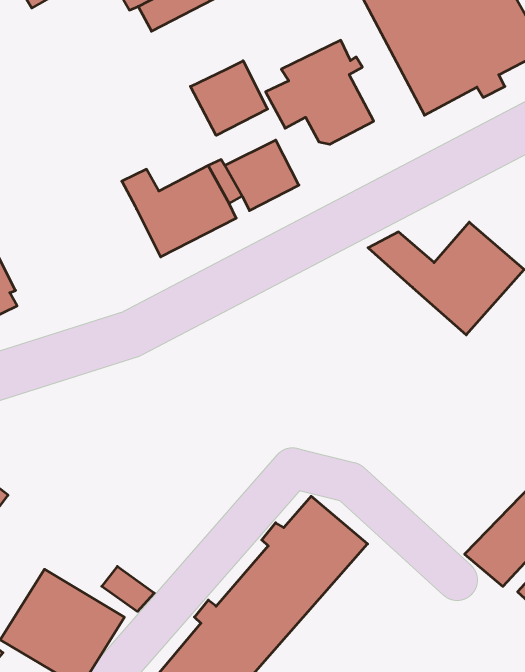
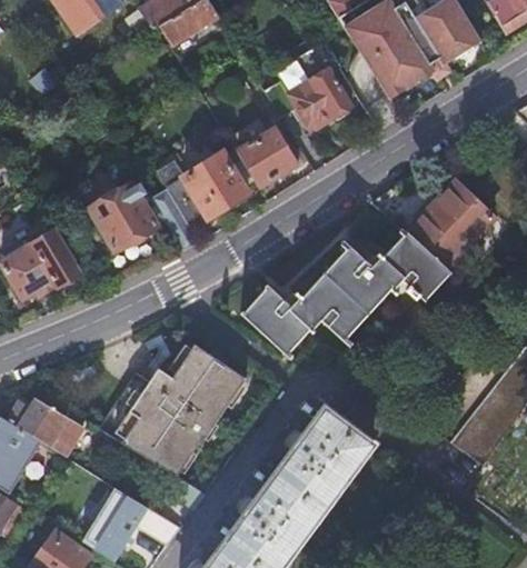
building: [190,61,268,135] -> none
building: none -> [90,183,201,252]
building: none -> [241,236,439,356]
building: none -> [97,347,249,474]

